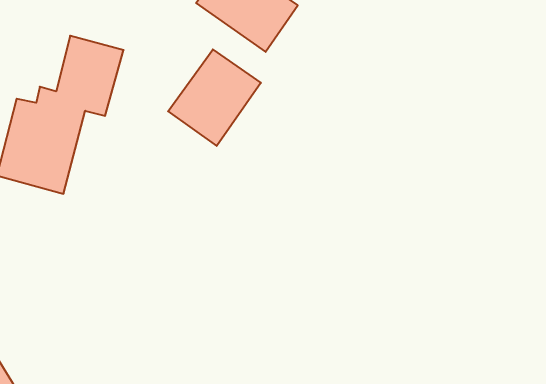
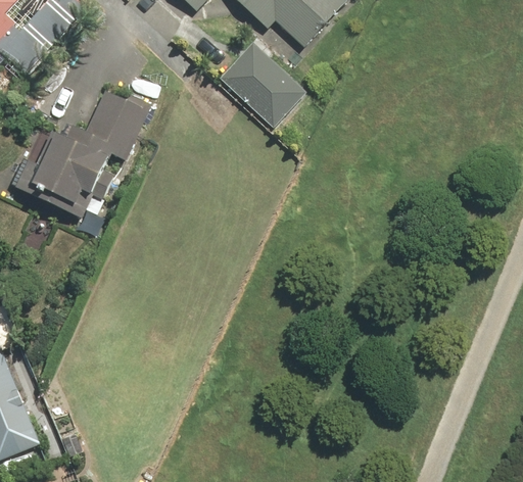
building: [168,49,261,146] -> none

